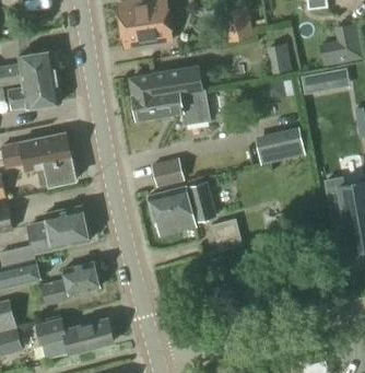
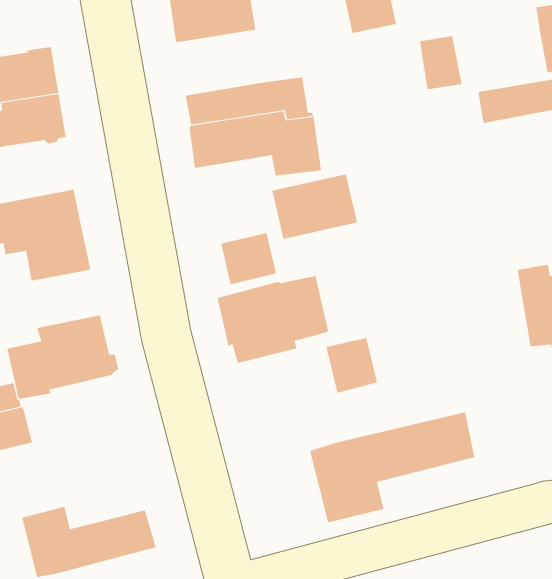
building: [255,127,305,165] -> [272,174,358,239]
building: [39,261,99,305] -> none
building: none -> [310,411,475,523]

